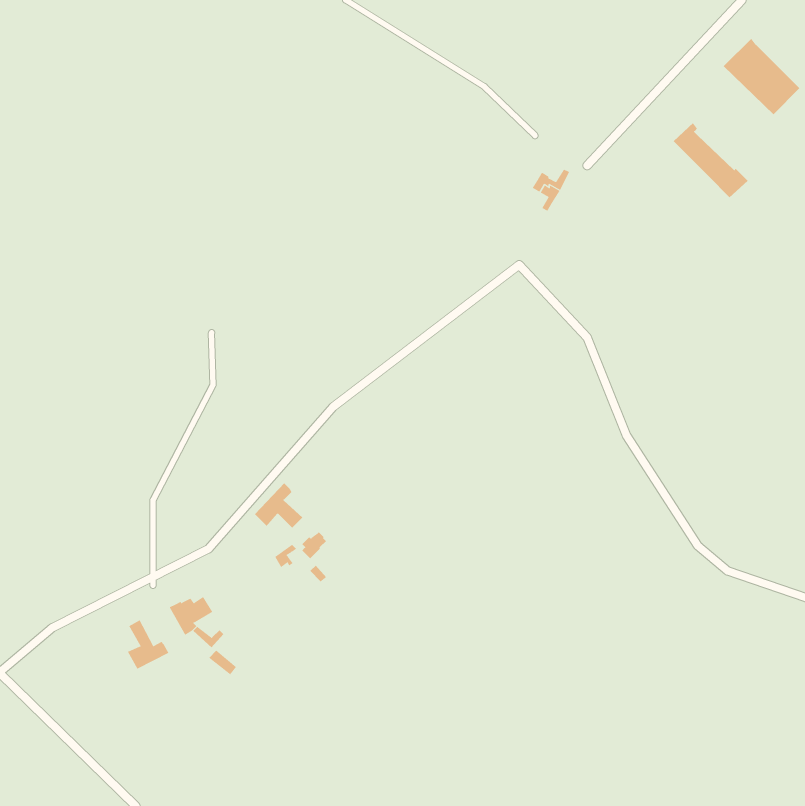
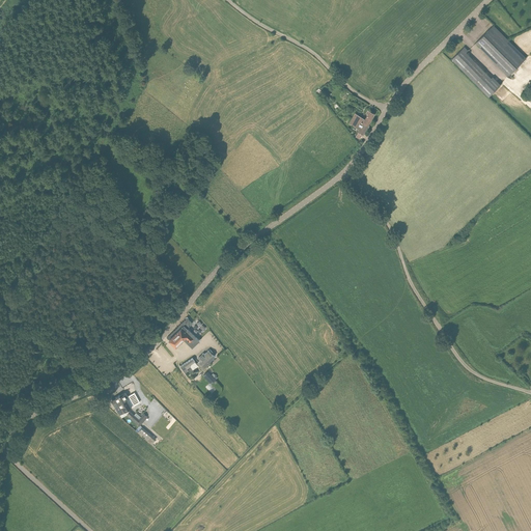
building: [673,122,748,198] -> [452,47,502,96]
building: [127,619,169,669] -> none

